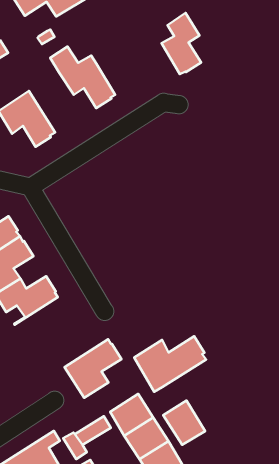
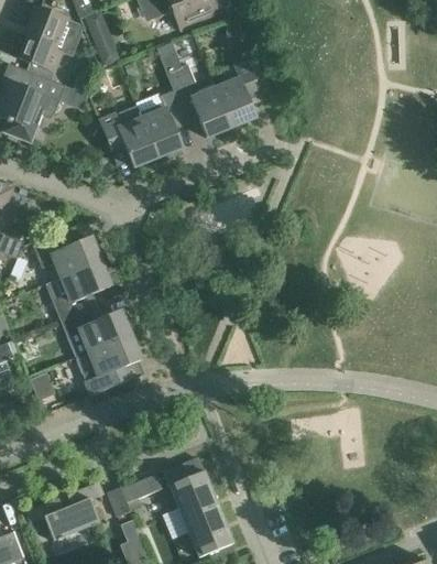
building: [162,13,201,74] -> [215,59,258,126]
building: none -> [139,90,184,155]
building: [134,336,206,392] -> none
building: [65,339,122,398] -> [75,336,139,395]
building: [163,401,205,445] -> none

